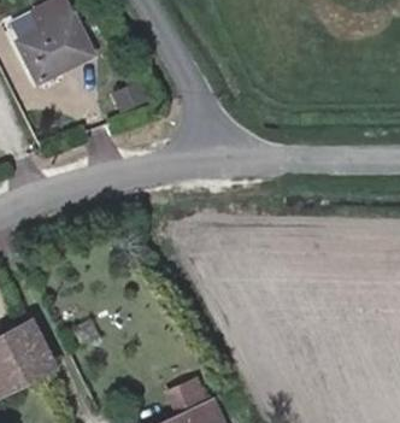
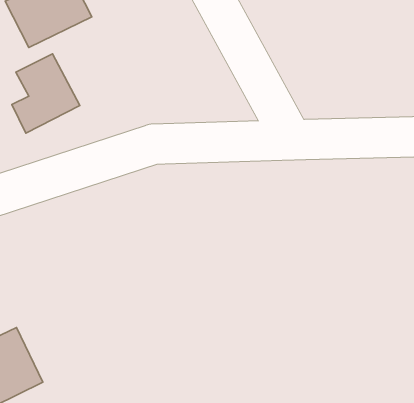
building: none -> [12,54,80,133]

